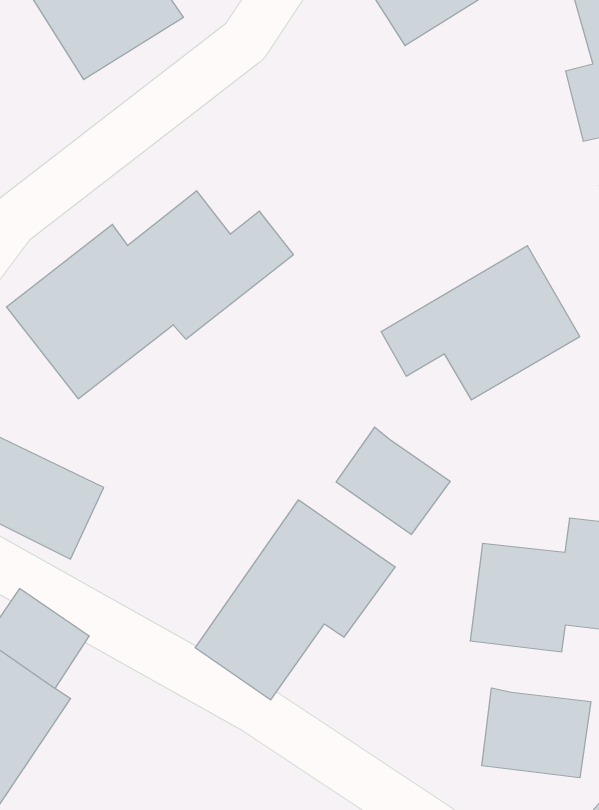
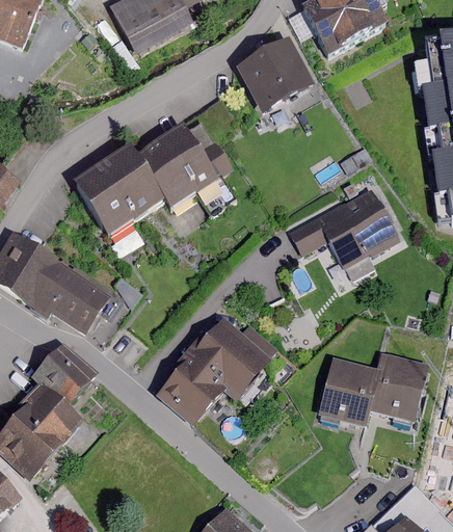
building: none -> [235,39,313,111]
building: [336,427,450,535] -> none
building: [482,688,591,778] -> none

